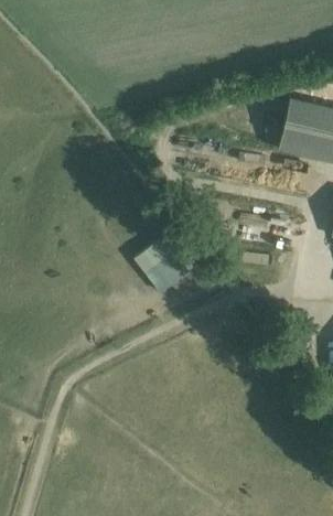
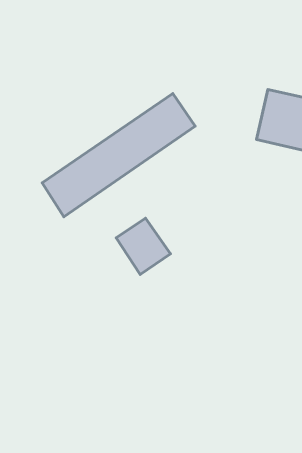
building: none -> [42,93,195,217]

